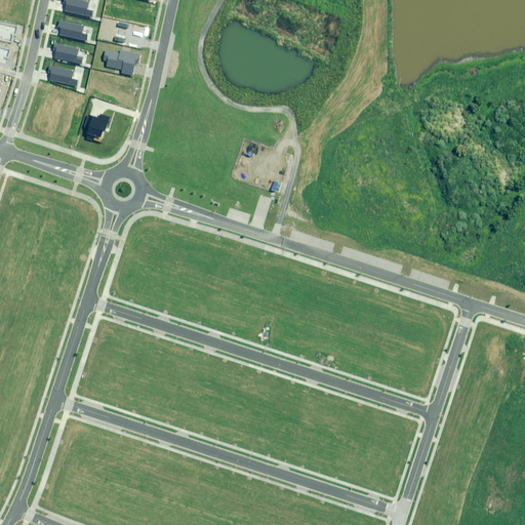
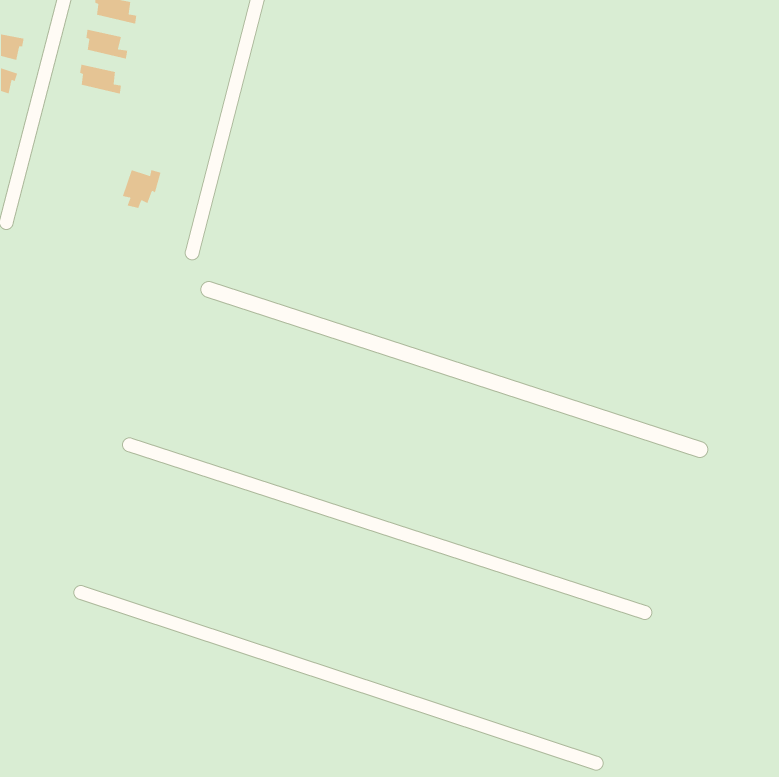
building: [104,50,139,75] -> none
building: [48,65,78,86] -> none

